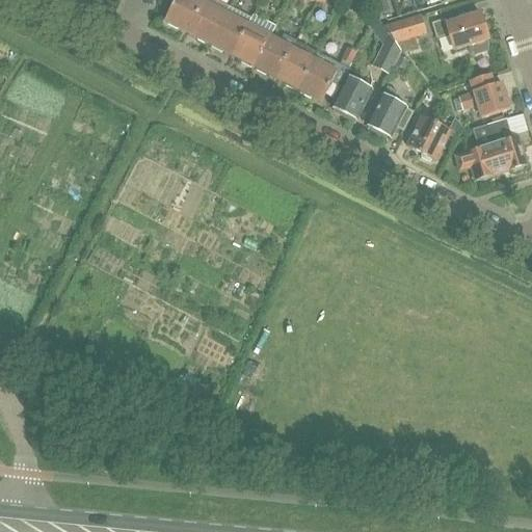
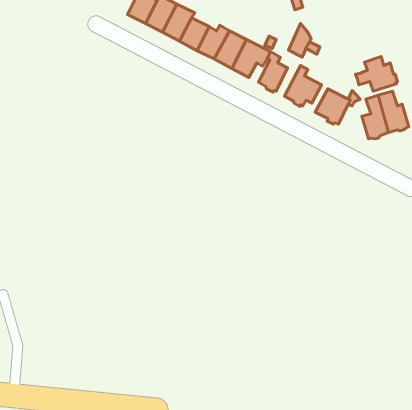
building: [431,12,487,53] -> none
building: [382,14,426,42] -> none

